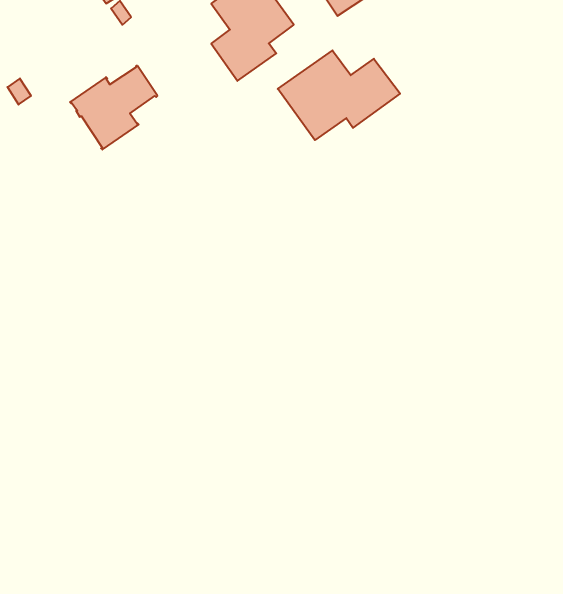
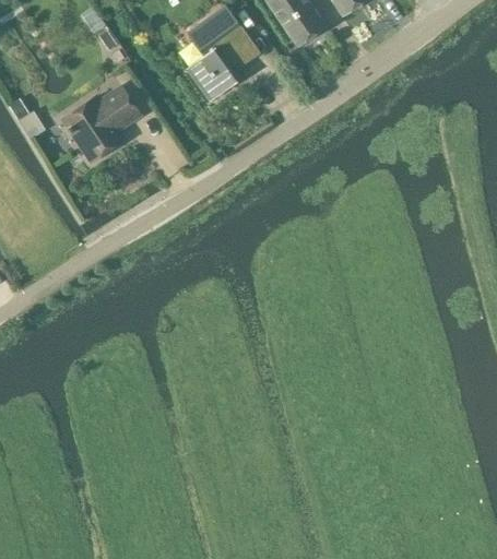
building: [278,50,400,140] -> none

